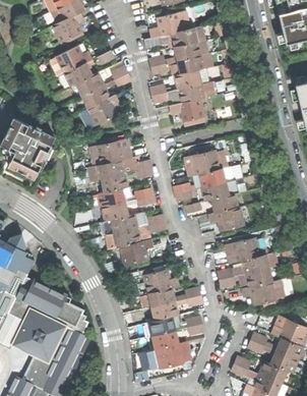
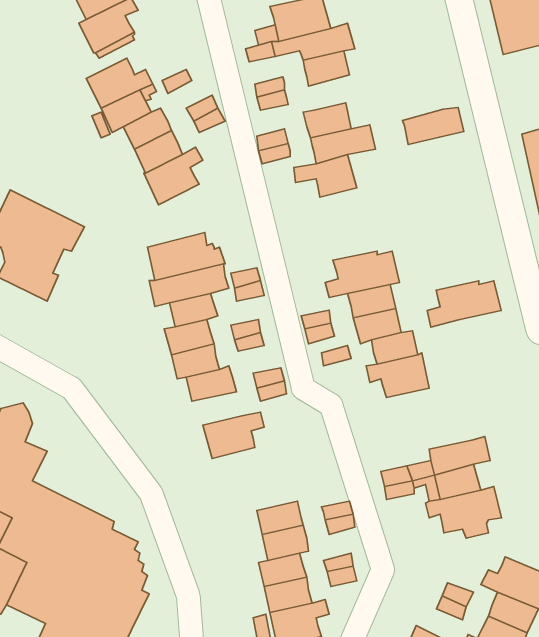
building: [178,53,211,73] -> [403,107,464,144]
building: [106,228,141,249] -> none
building: [227,238,267,264] -> [427,281,501,327]
building: [143,270,178,294] -> none

